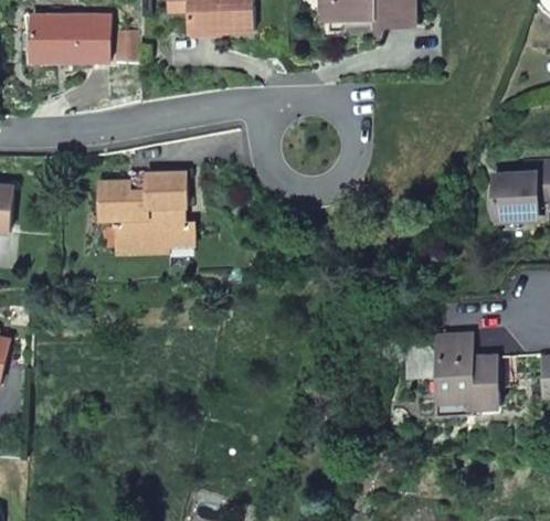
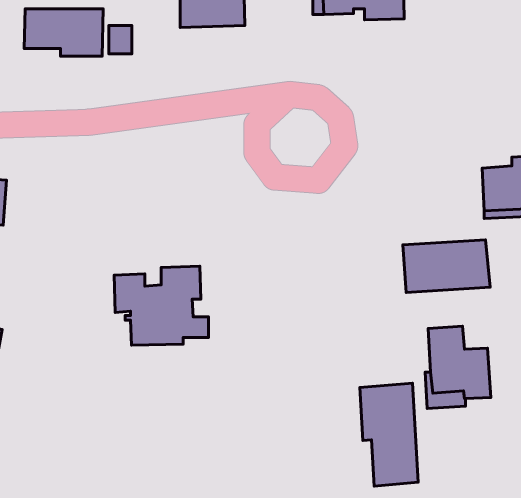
building: [98,172,193,252] -> [114,266,209,345]
building: none -> [403,240,490,292]
building: none -> [360,383,418,486]

